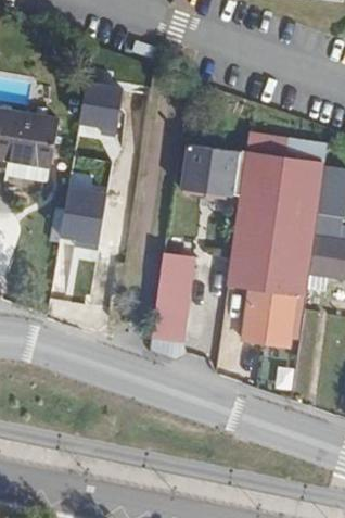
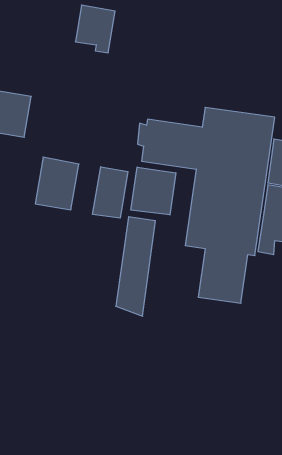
building: [77,83,120,135] -> [75,5,115,53]
building: none -> [93,167,128,218]
building: none -> [131,167,176,215]

